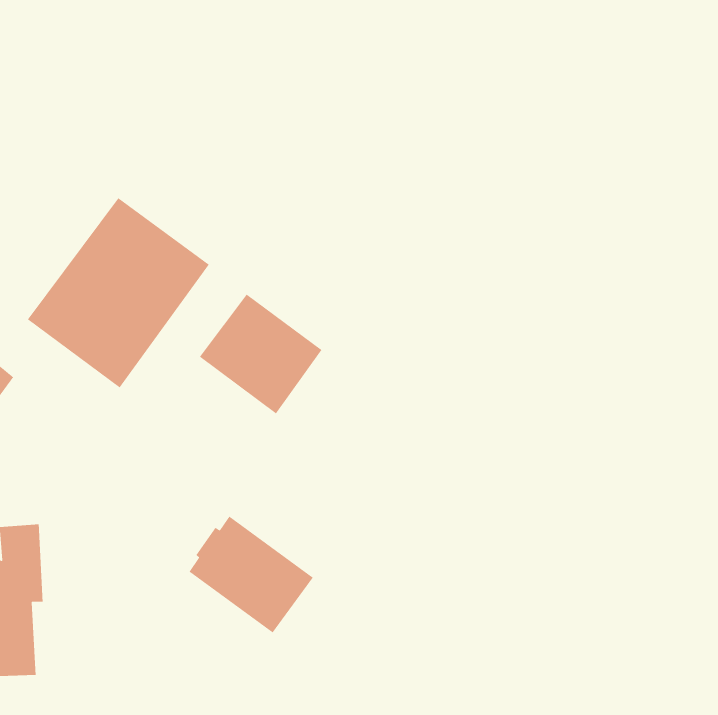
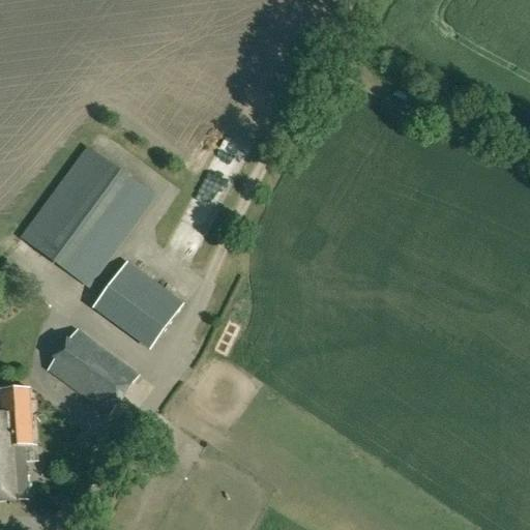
building: [199,294,323,415] -> [92,260,183,349]
building: [188,515,314,634] -> [47,327,139,414]

